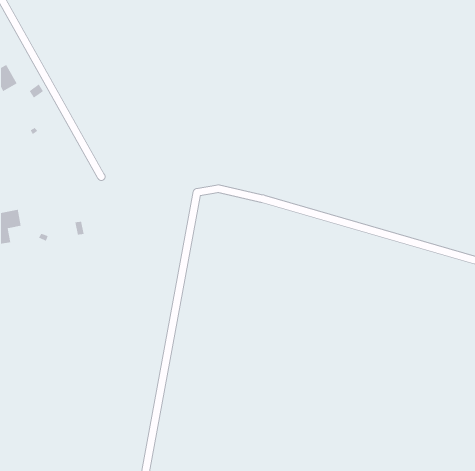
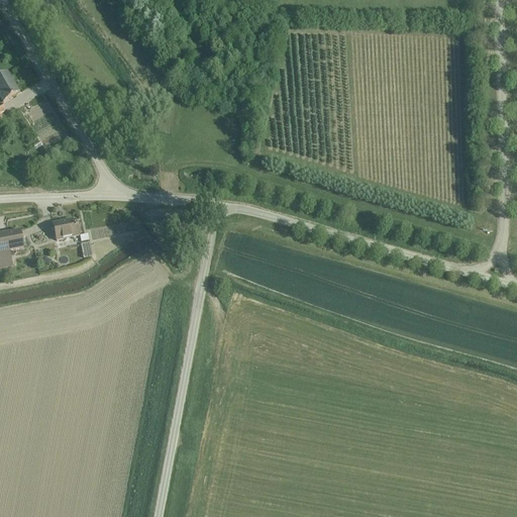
building: none -> [53,217,79,238]

